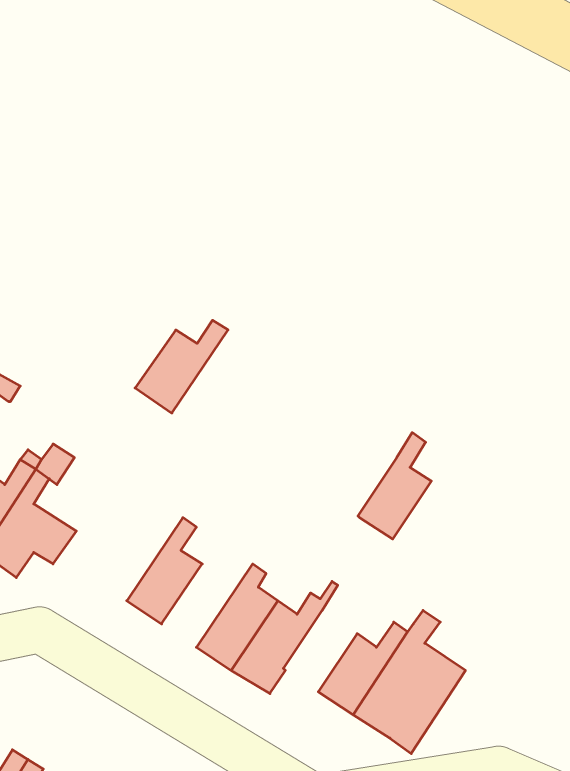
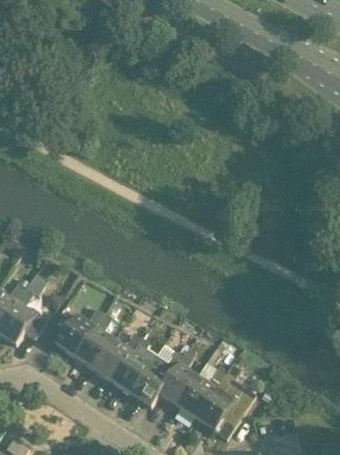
building: [135,320,228,413] -> [55,308,105,358]
building: [358,433,431,539] -> [159,350,198,406]
building: none -> [93,333,142,383]

